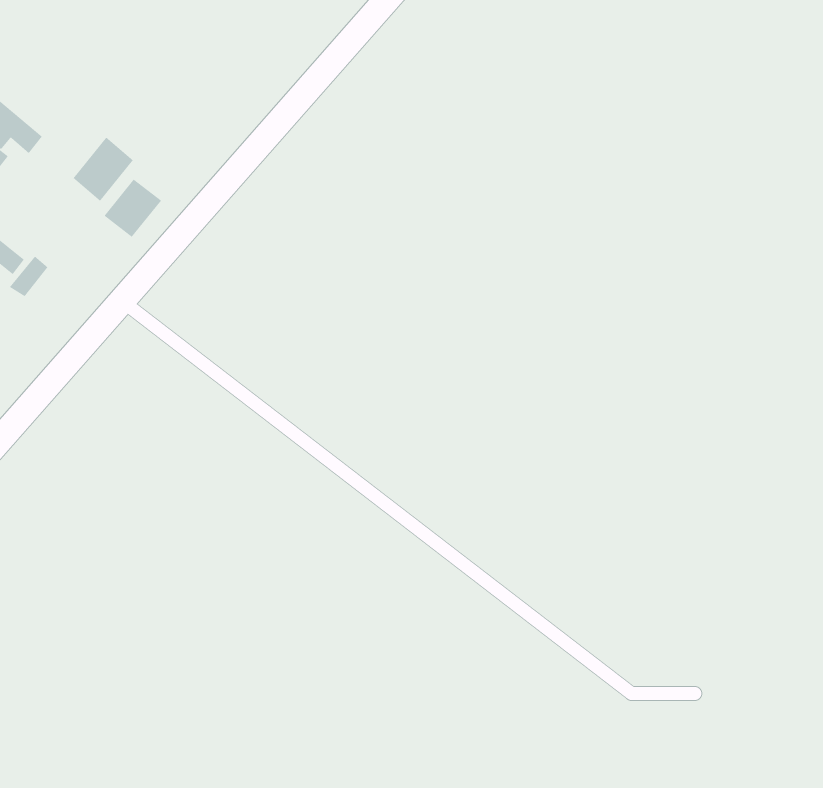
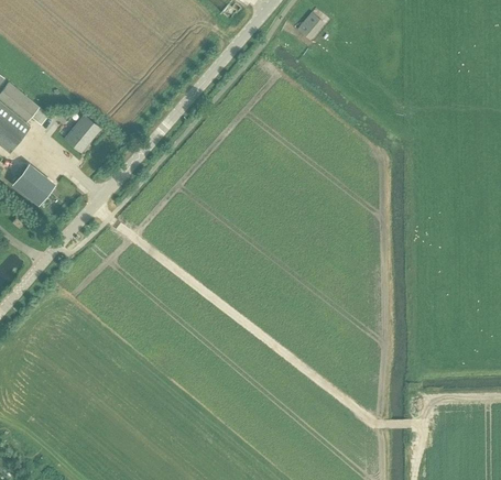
building: [103,179,162,238] -> none

